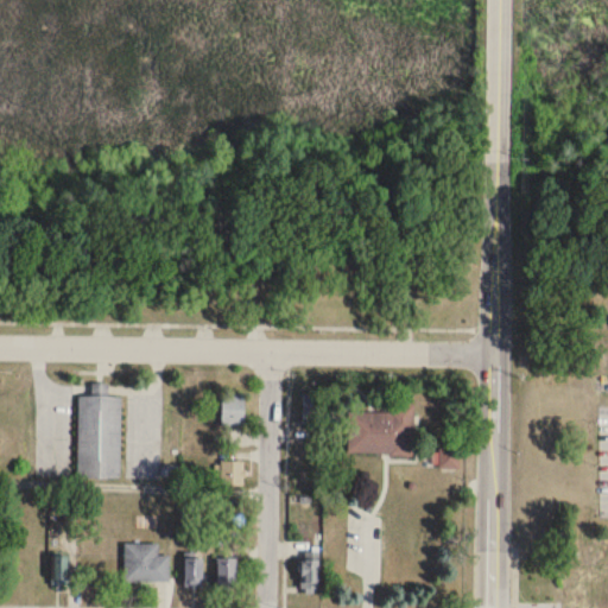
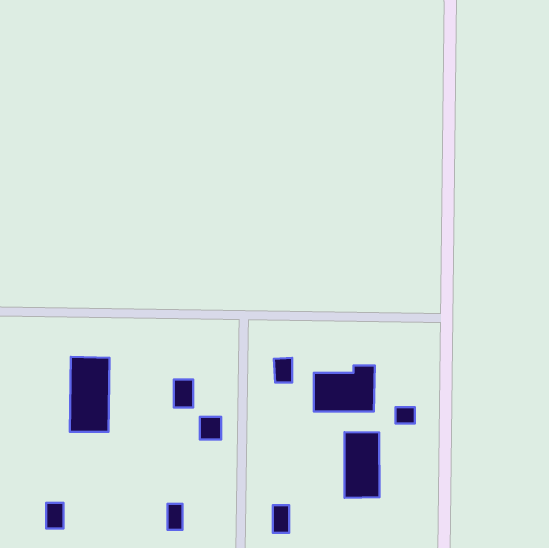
building: [222,395,243,426] -> [174,379,193,407]
building: none -> [344,432,379,498]
building: [124,544,170,582] -> none
building: [217,559,236,588] -> none

